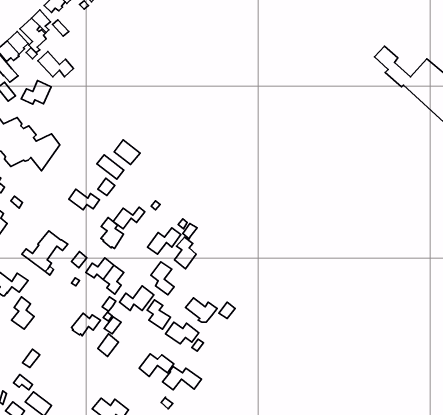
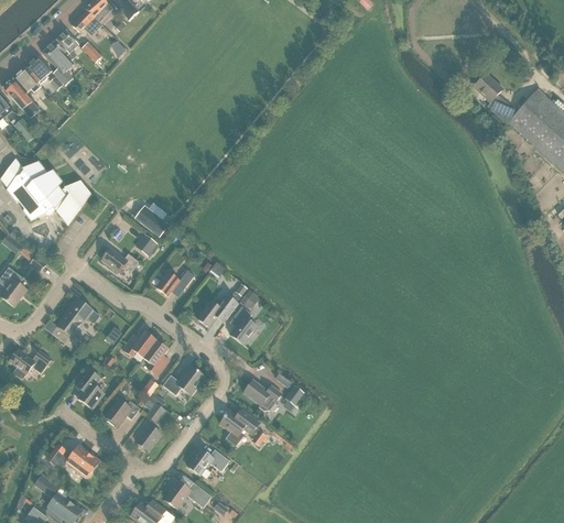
building: [38,51,74,77] -> none
building: [21,80,51,104] -> none
building: [114,140,140,164] -> none
building: [101,218,124,248] -> none
building: [151,262,174,295] -> none
building: [12,297,34,329] -> [77,369,105,408]
building: [147,300,170,329] -> none
building: none -> [66,445,100,478]
building: [162,366,201,390] -> [164,480,212,509]

